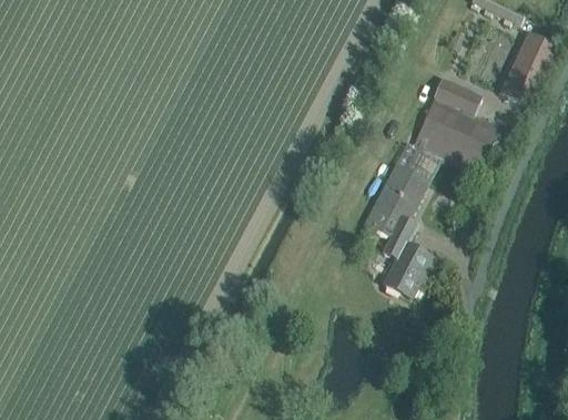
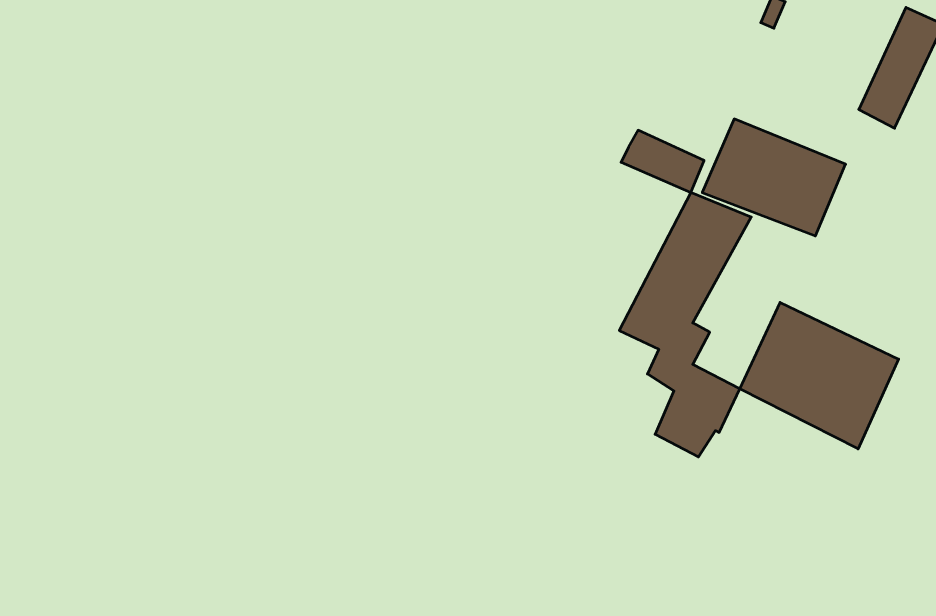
building: [433,78,481,114] -> [621,130,704,193]
building: none -> [740,302,899,449]

